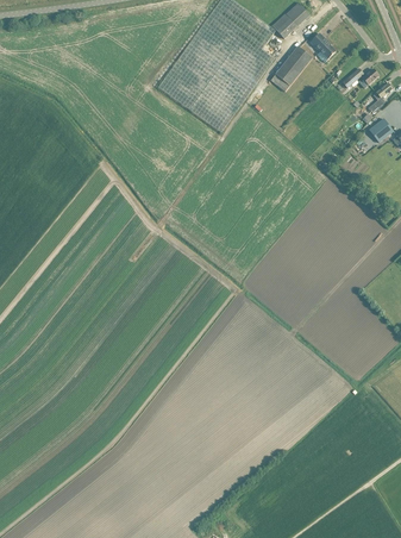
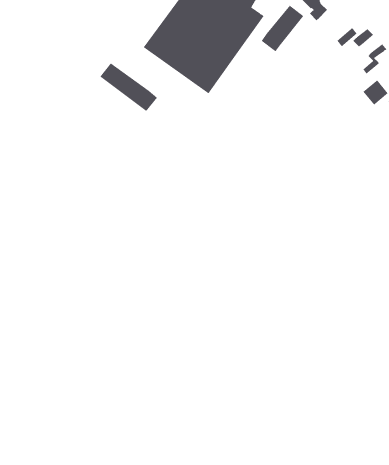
building: none -> [99,63,158,112]

